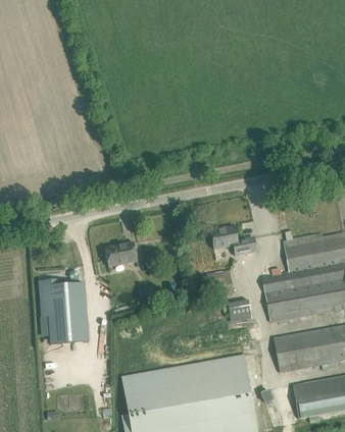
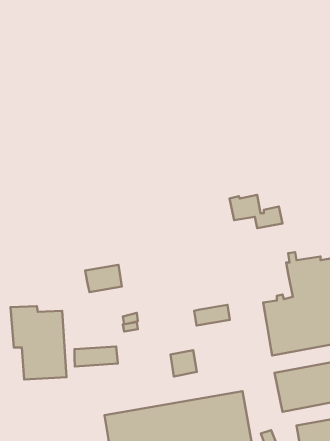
building: [210,226,257,256] -> [230,195,282,228]
building: [228,299,251,322] -> [170,350,197,376]
building: none -> [74,347,118,367]

